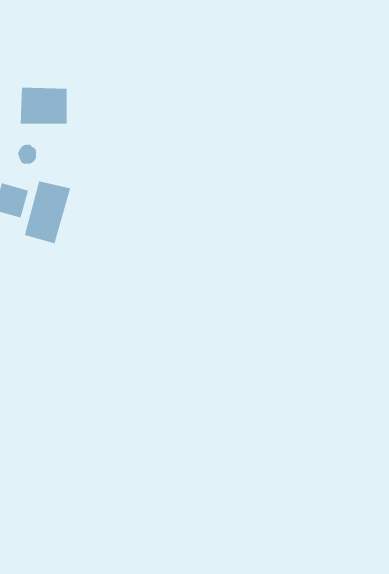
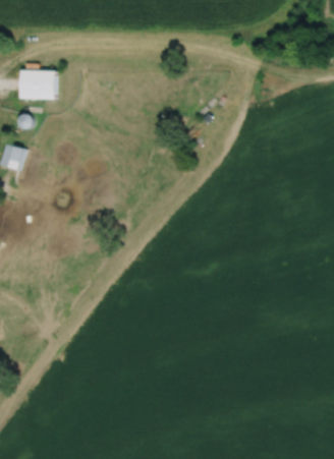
building: [24,180,71,244] -> none

